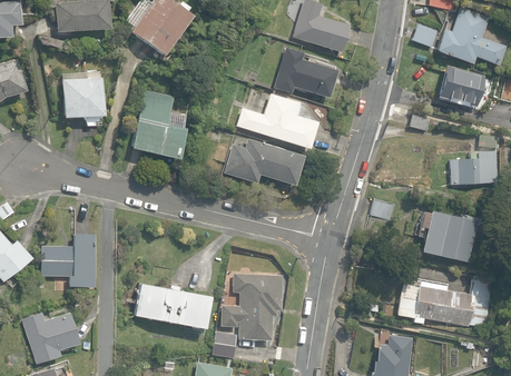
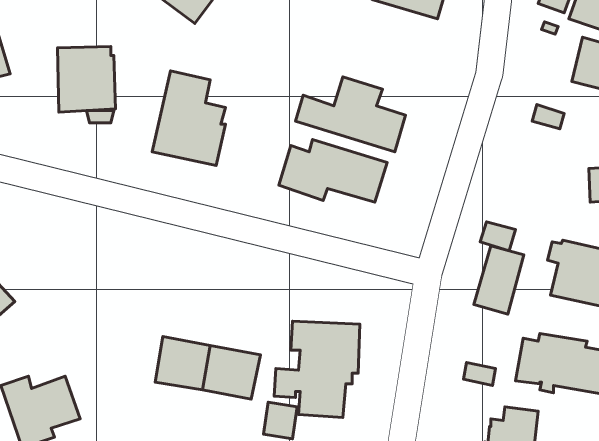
building: [274,47,337,98] -> none
building: none -> [474,246,524,314]
building: [42,234,95,286] -> none

